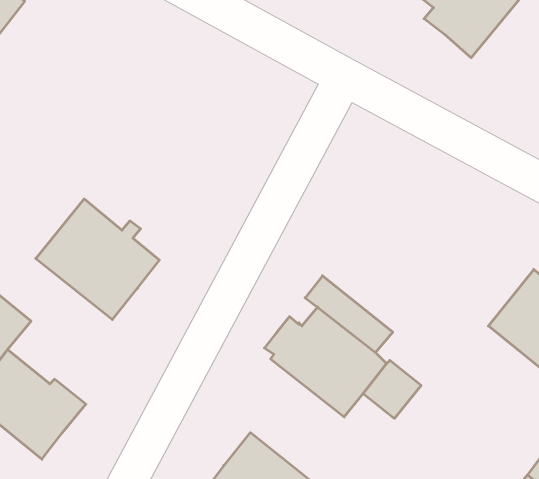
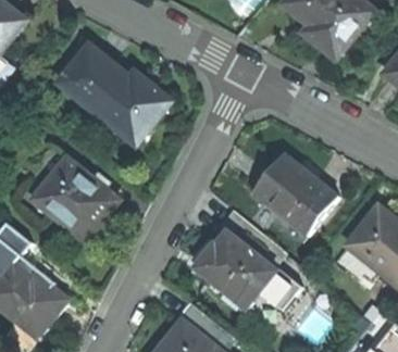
building: none -> [57,43,170,143]
building: none -> [252,154,335,239]

